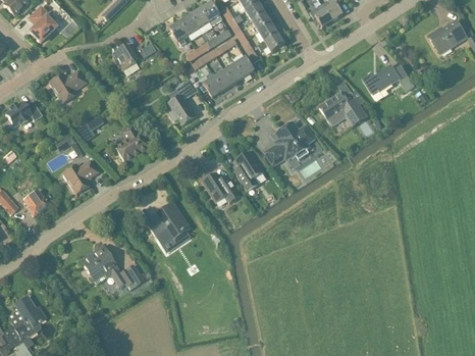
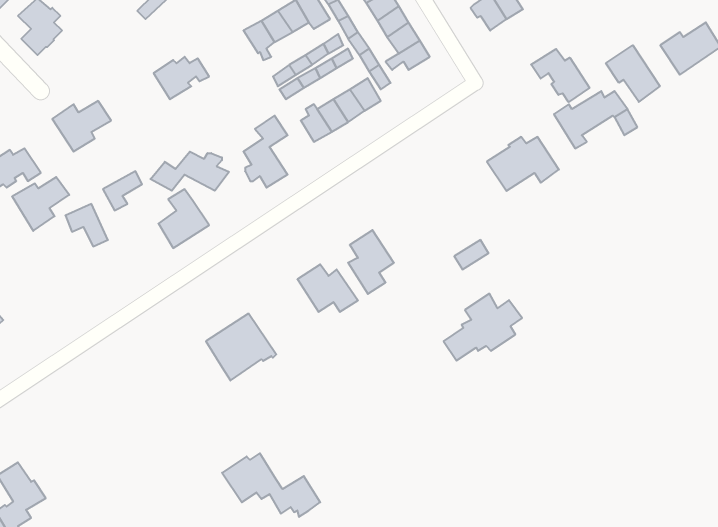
building: none -> [606,45,660,102]
building: none -> [531,49,589,102]
building: none -> [150,152,229,191]
building: [264,121,313,163] -> [444,294,522,361]
building: [62,159,98,193] -> [12,177,69,231]
building: [22,189,49,215] -> none
building: [82,249,143,289] -> [222,453,320,517]

